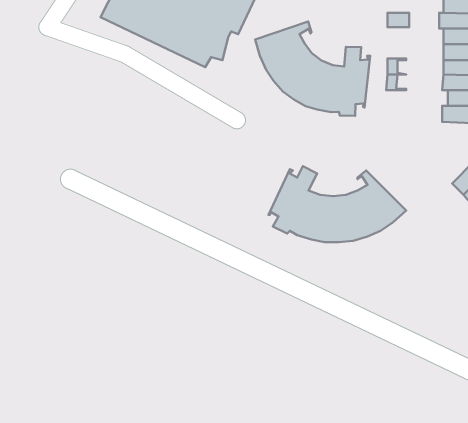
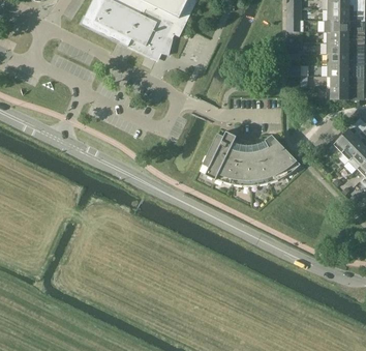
building: [255,22,370,116] -> none

